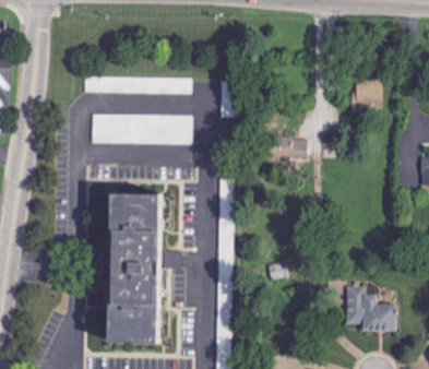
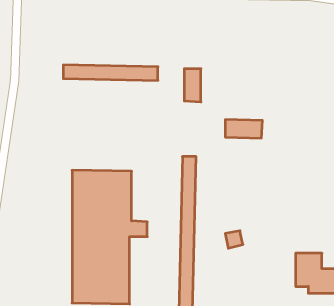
building: [355,78,380,106] -> none
building: [93,114,194,143] -> none

